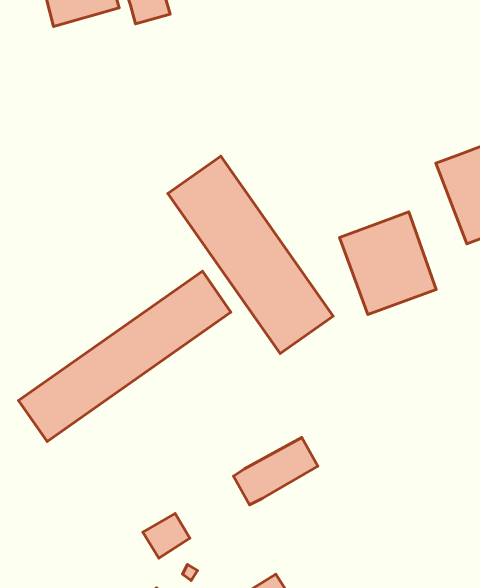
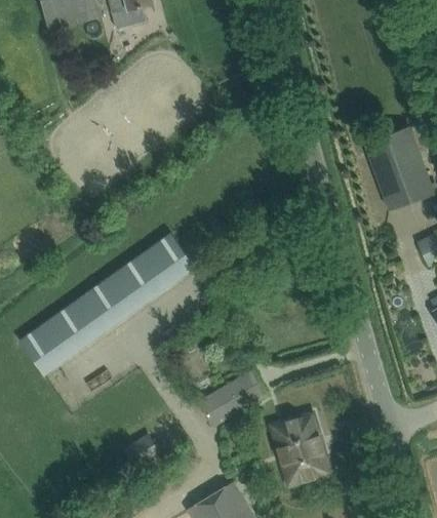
building: [168,156,333,353] -> none
building: [340,212,436,314] -> none
building: none -> [270,414,329,484]

